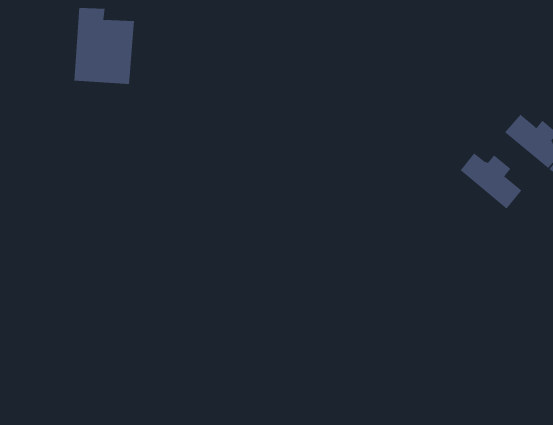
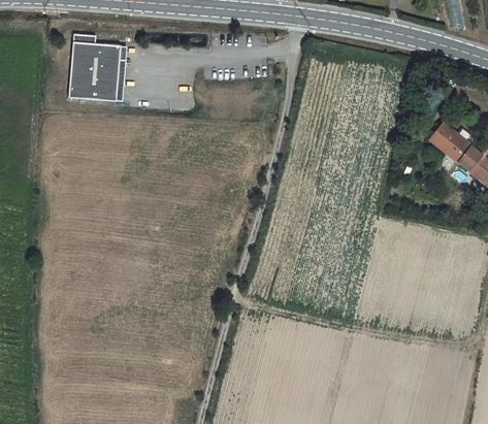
building: [460,153,522,210] -> none

